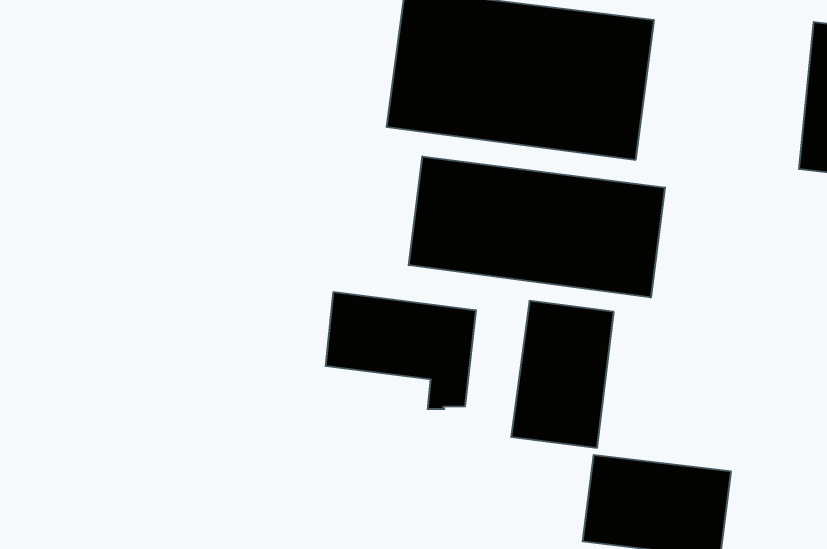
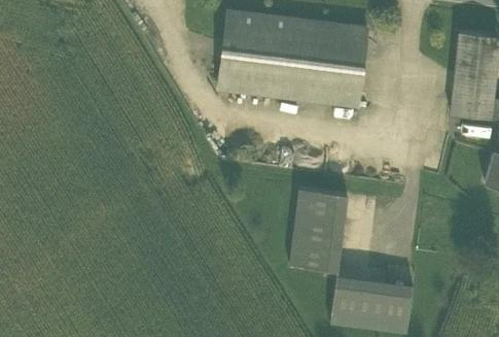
building: [409,156,665,298] -> none
building: [326,292,476,409] -> none

